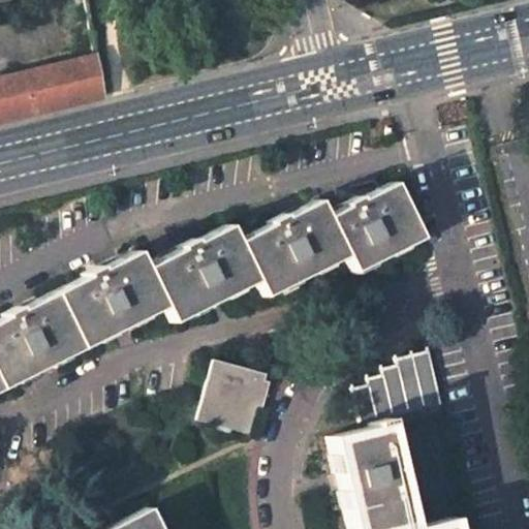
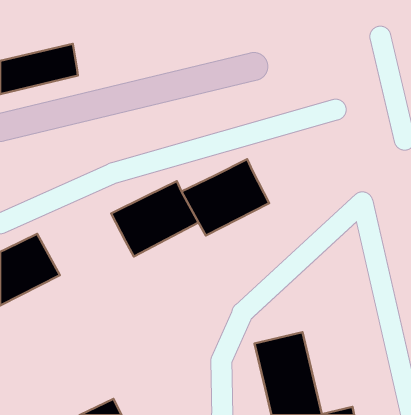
building: [326,185,421,275] -> none
building: [52,255,164,350] -> none
building: [353,350,442,424] -> none
building: [198,360,268,434] -> none

